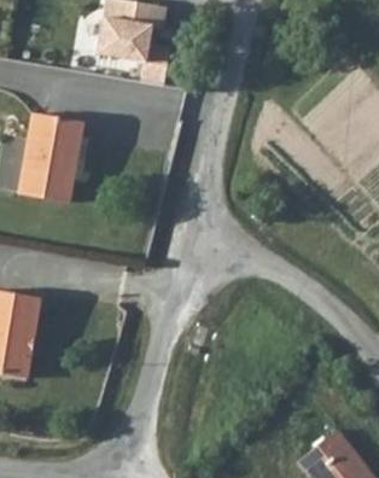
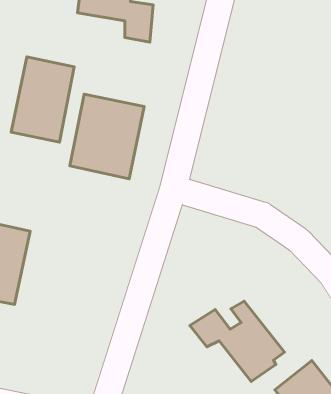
building: none -> [70,94,144,179]
building: none -> [190,301,285,381]

